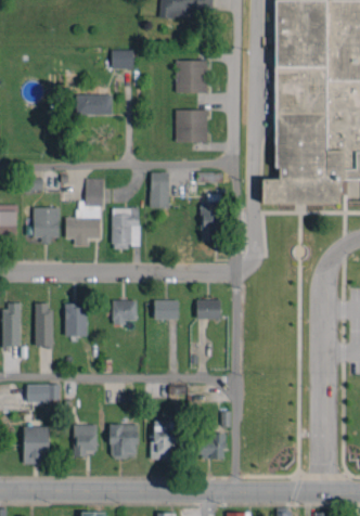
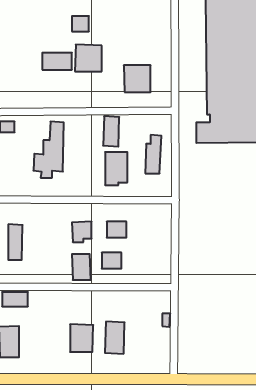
building: [175,60,207,92] -> [75,45,102,71]
building: [34,207,60,241] -> none
building: [112,208,139,248] -> [105,152,127,185]
building: [196,299,220,319] -> [102,253,121,269]
building: [64,305,87,336] -> [72,254,91,280]
building: [73,424,97,456] -> none
building: [198,434,224,459] -> none

